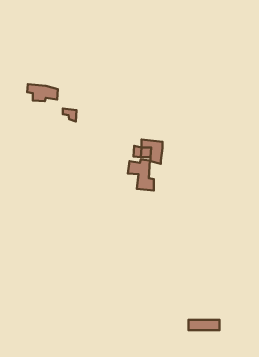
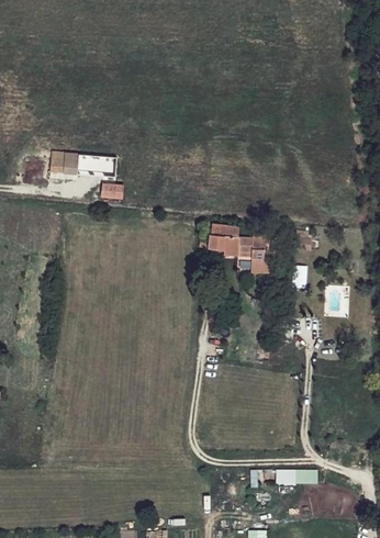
building: [128,160,154,190] -> [235,234,270,276]

